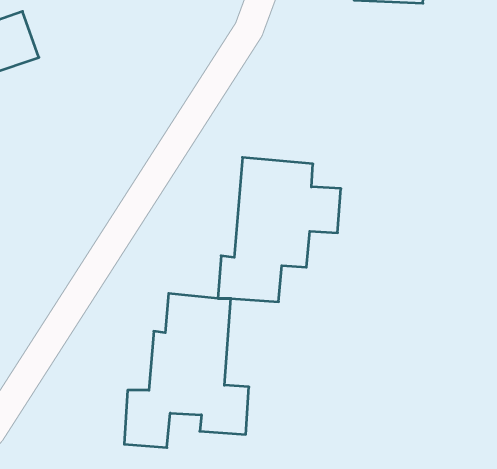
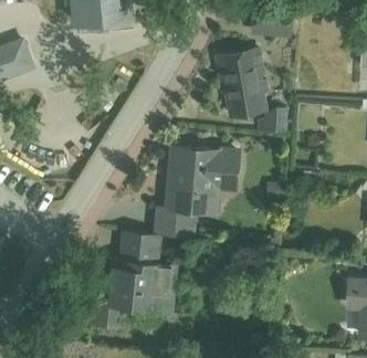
building: none -> [213,53,282,136]

